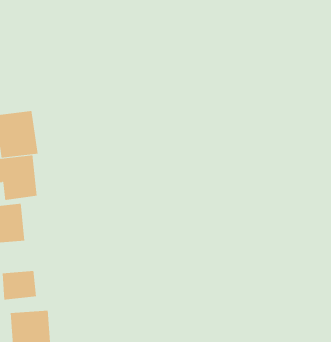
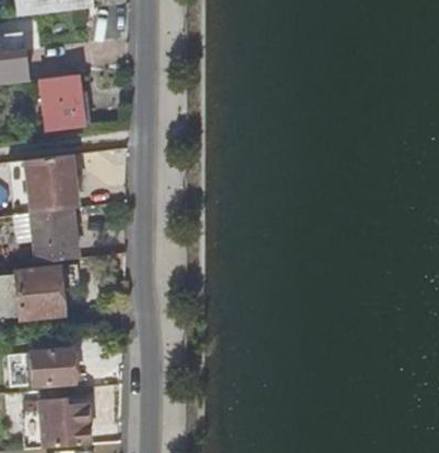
building: none -> [43,73,83,129]

